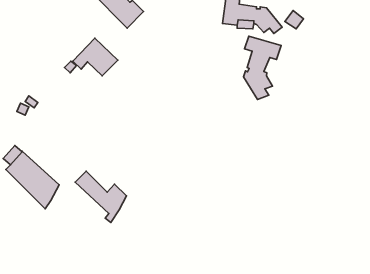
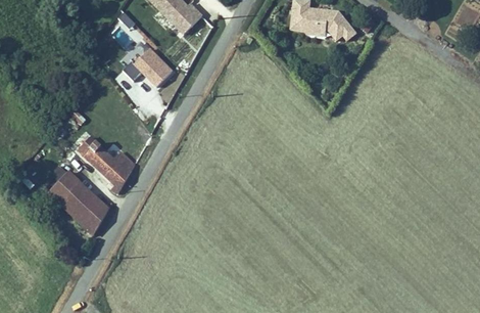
building: [243,36,281,100] -> none
building: [75,171,126,223] -> [77,136,134,193]

